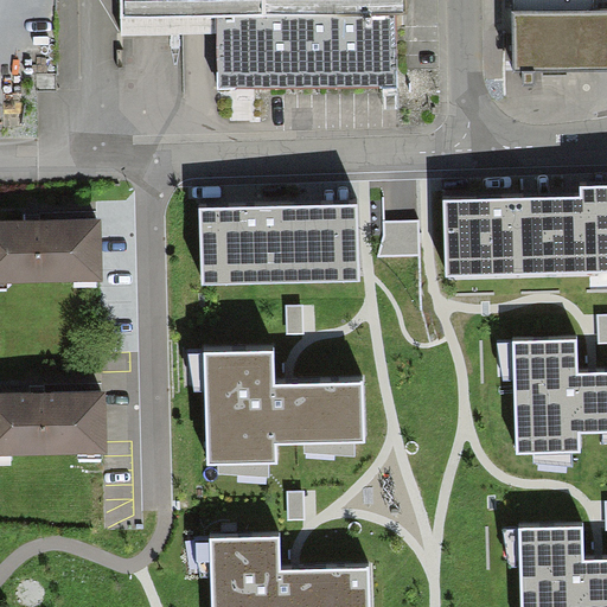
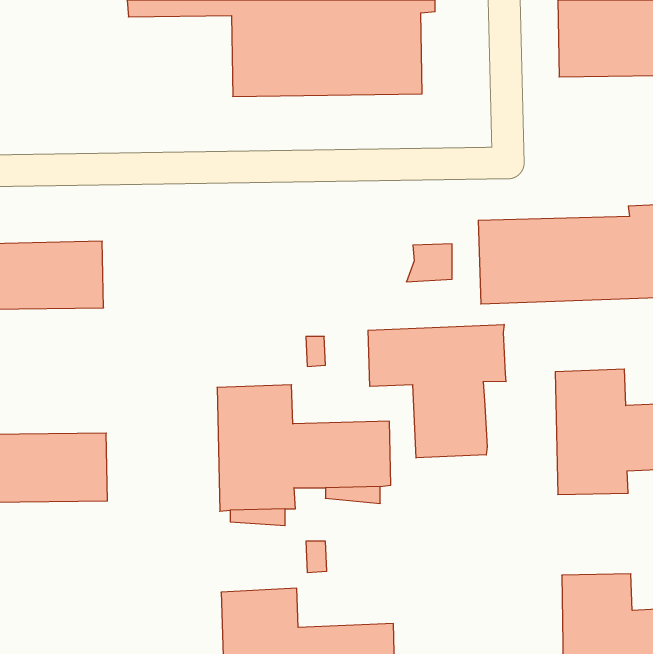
building: [200,205,359,283] -> none
building: none -> [368,324,506,458]

